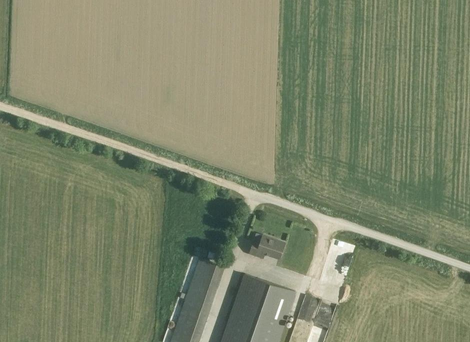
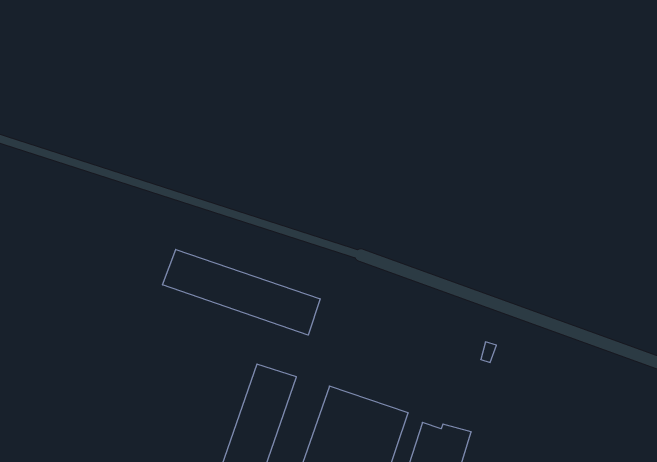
building: none -> [163,249,320,335]
building: [247,237,284,260] -> none

